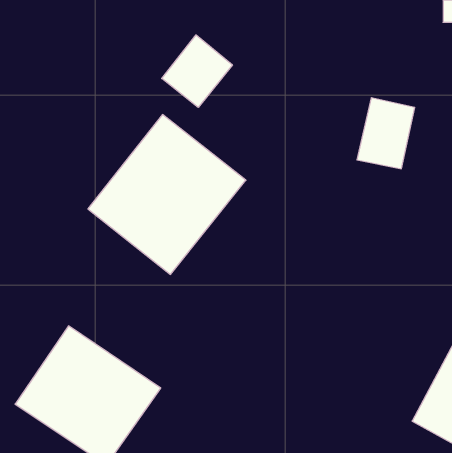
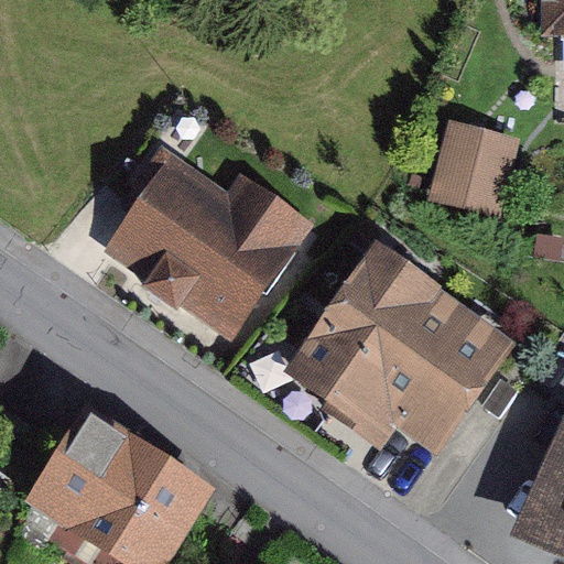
building: [162,35,232,107] -> none
building: none -> [293,250,513,457]

